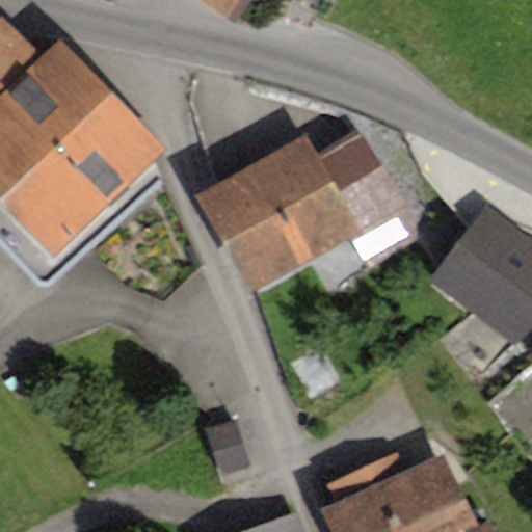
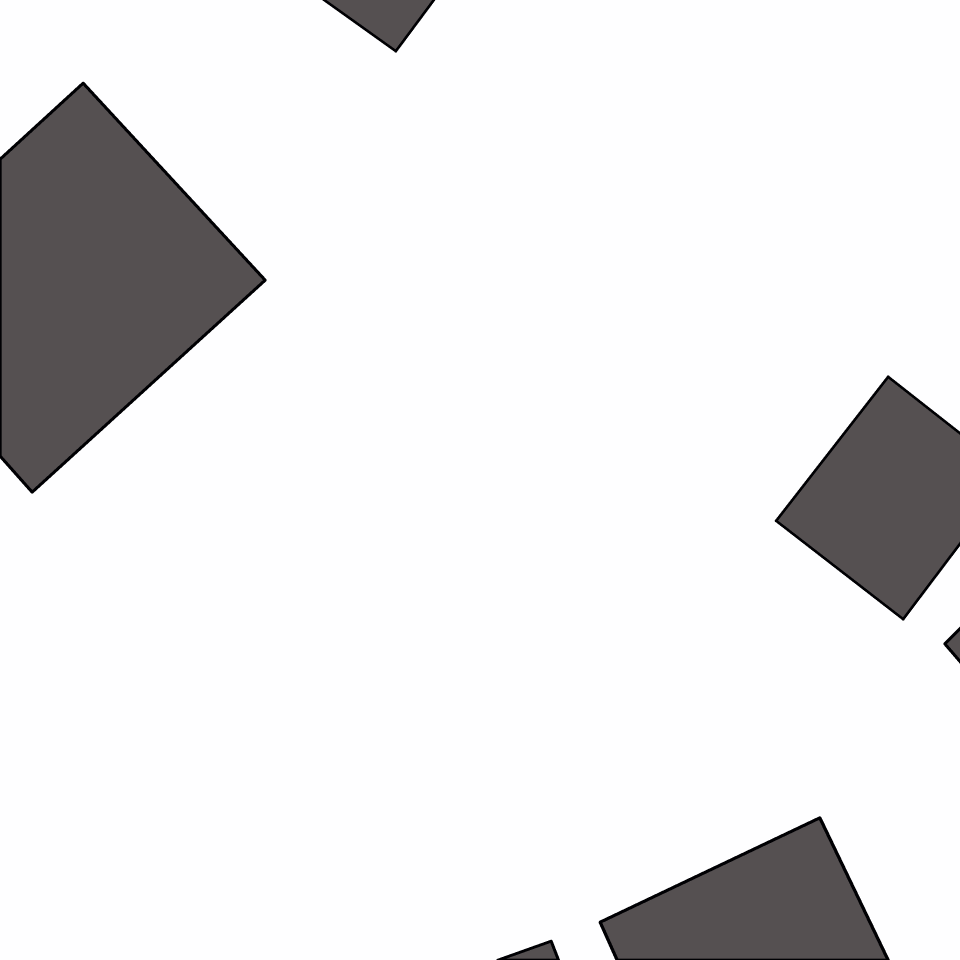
building: [187,130,408,294] -> none

